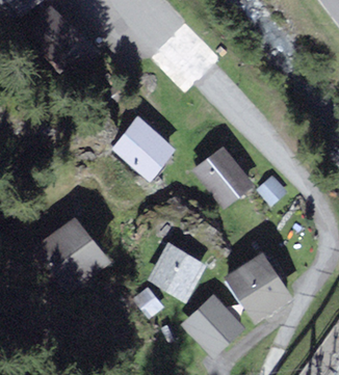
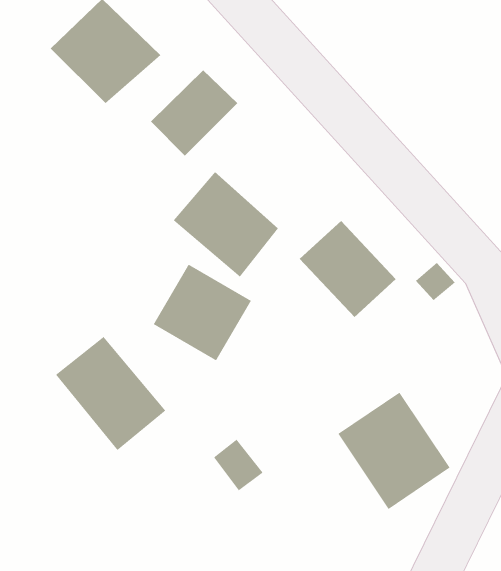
building: none -> [150,70,238,157]
building: [148,239,209,299] -> [153,264,252,361]
building: [174,295,237,358] -> none

